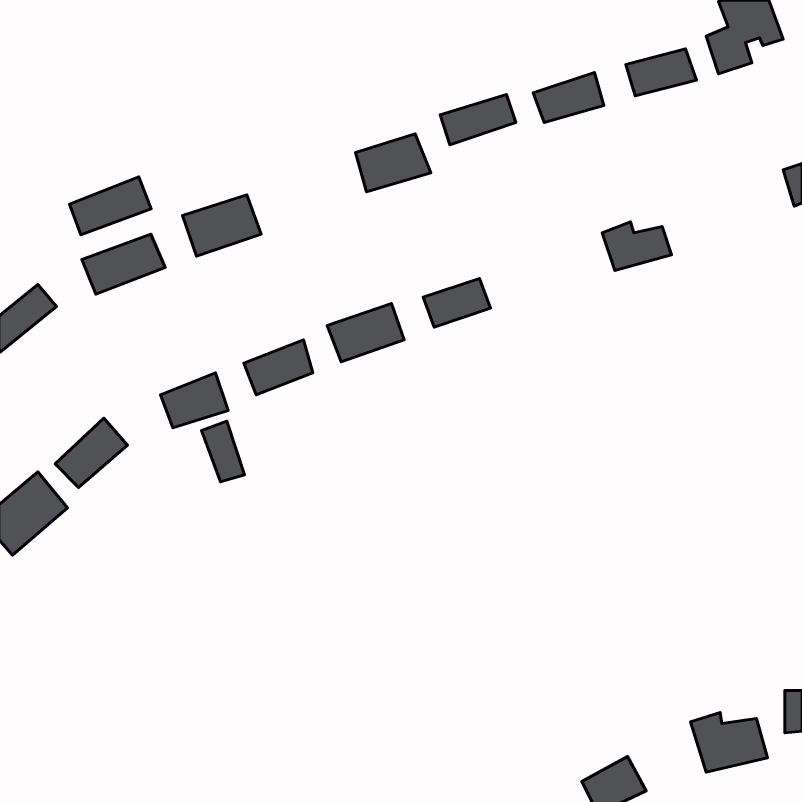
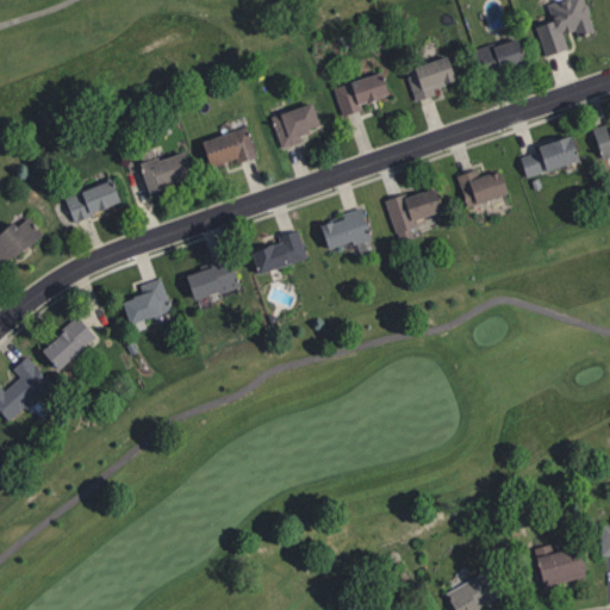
building: none -> [204,130,257,168]
building: [69,177,151,235] -> none
building: none -> [525,139,578,180]
building: none -> [385,186,442,228]
building: [201,421,245,482] -> none

